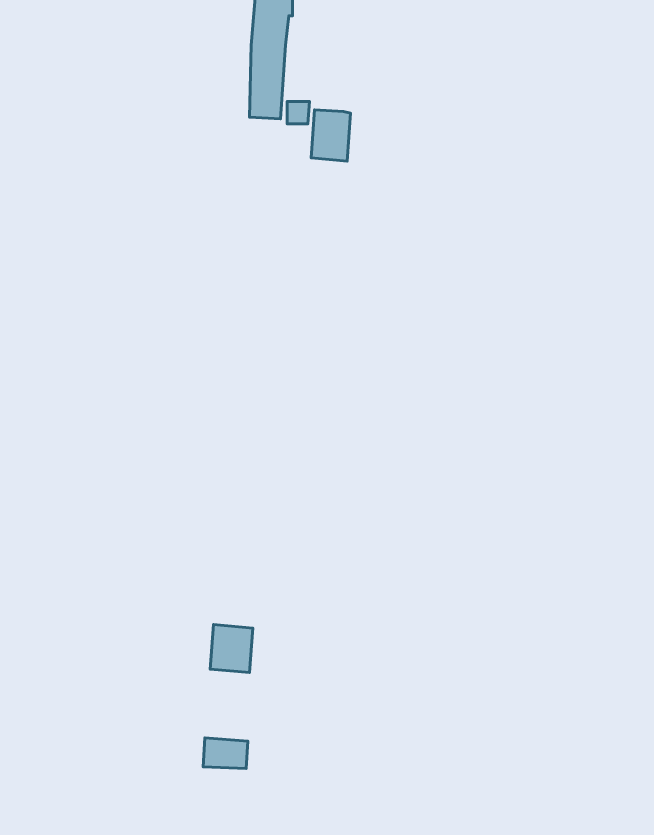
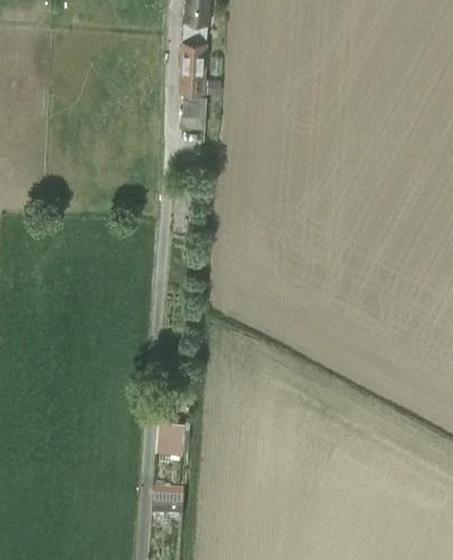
building: [311,110,350,161] -> [181,97,207,130]

